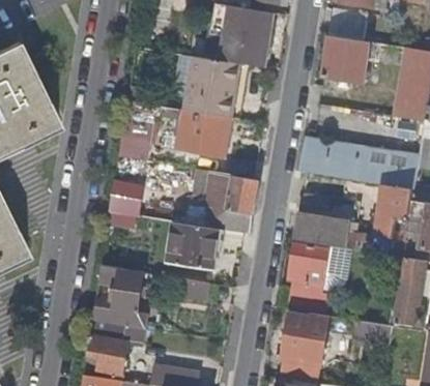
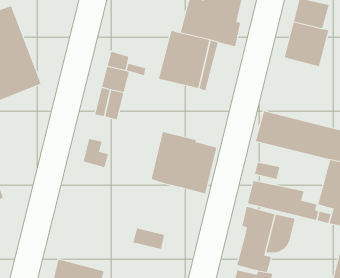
building: [182,111,225,157] -> none
building: [167,221,221,270] -> none
building: [91,265,147,328] -> none

